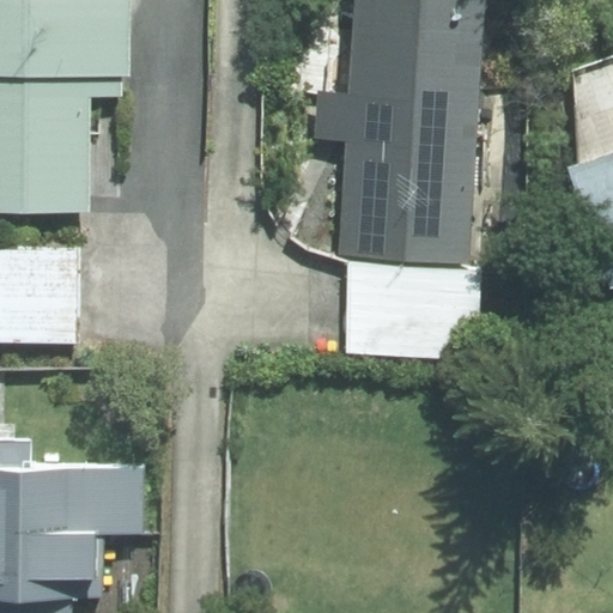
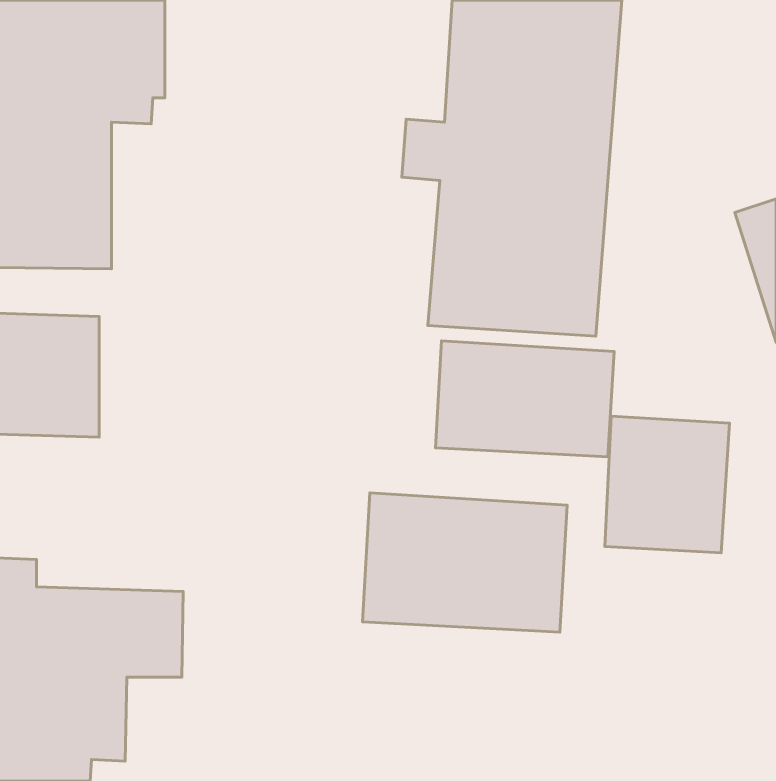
building: none -> [605,416,729,553]
building: none -> [362,493,567,632]

